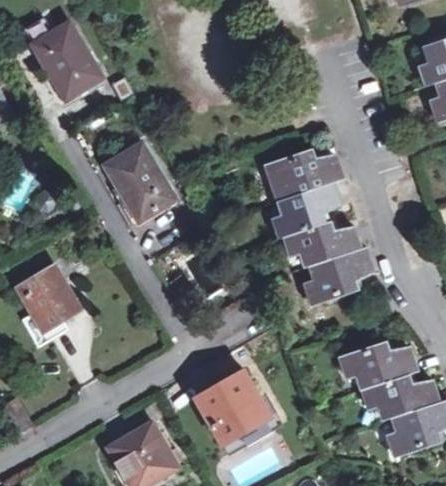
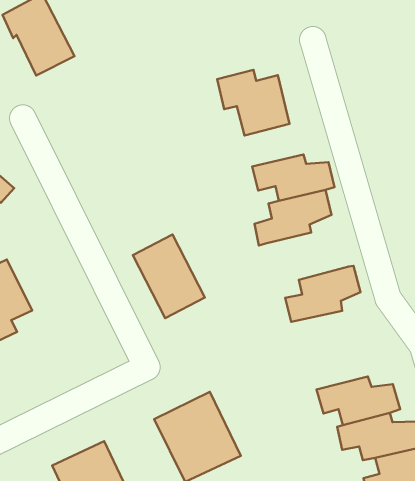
building: none -> [217,70,290,135]
building: [107,142,174,217] -> [133,235,205,318]
building: [283,218,359,264] -> none

